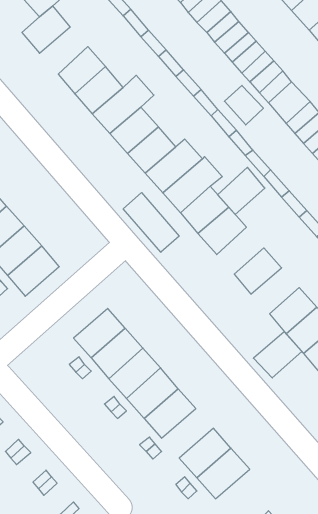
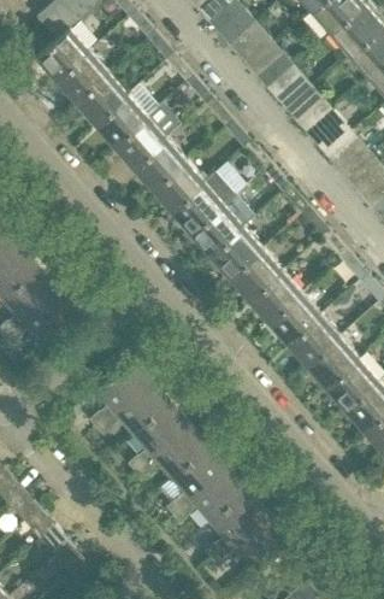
building: none -> [55,51,108,102]
building: [224,85,263,125] -> none
building: [218,167,265,215] -> [249,270,301,322]
building: [123,193,179,252] -> none
building: [253,332,302,378] -> [286,315,339,365]
building: none -> [189,469,246,523]

